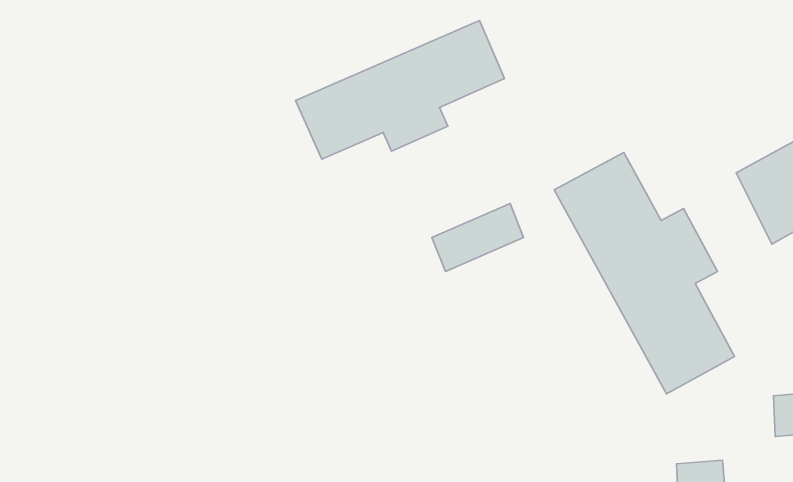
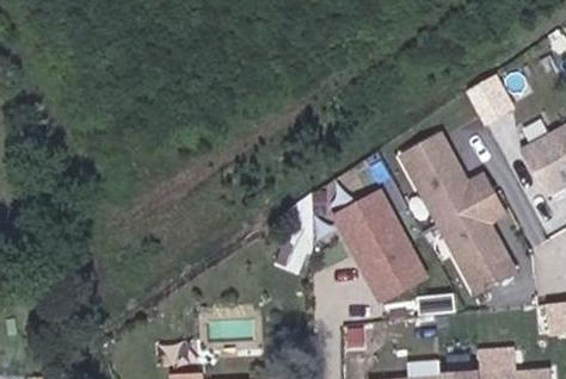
building: [296,20,505,159] -> none
building: none -> [334,197,436,309]

